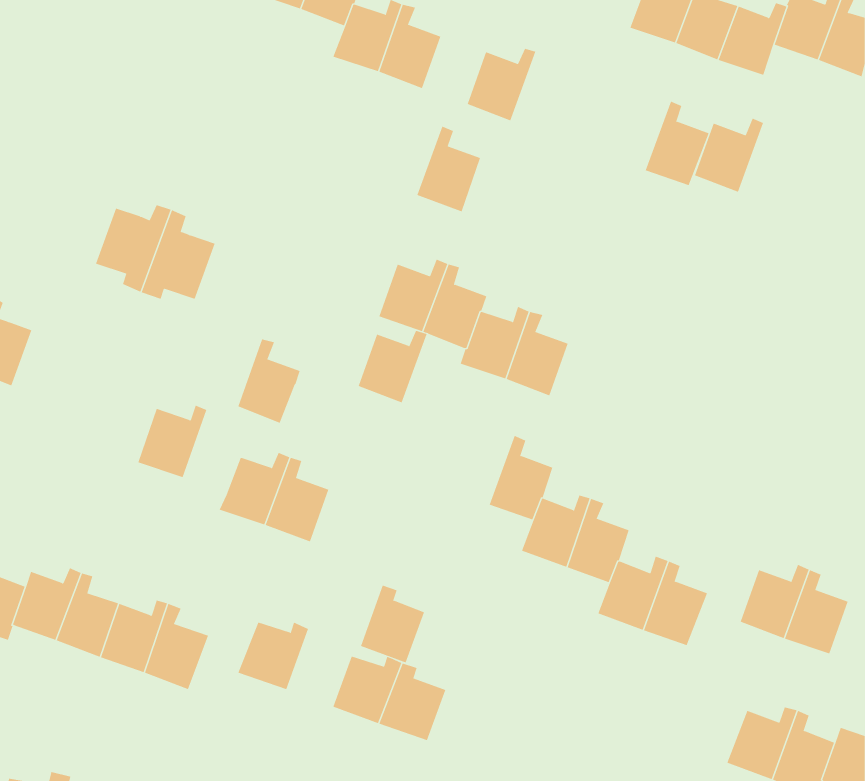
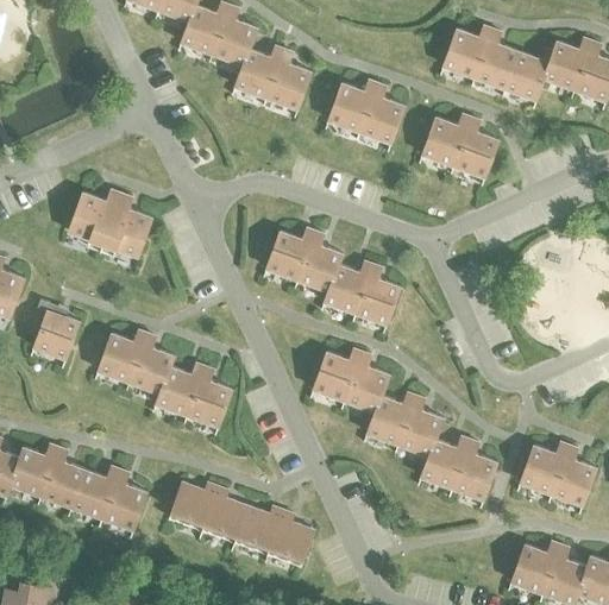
building: [694,118,764,193] -> [422,114,471,166]
building: [416,126,481,212] -> [359,83,404,144]
building: [358,330,428,403] -> [313,349,362,401]
building: [238,339,300,424] -> [130,334,174,393]
building: none -> [33,300,80,359]
building: [360,585,425,663] -> [202,487,247,542]

